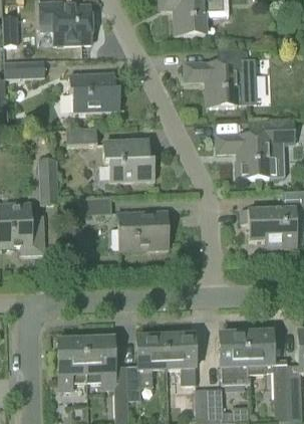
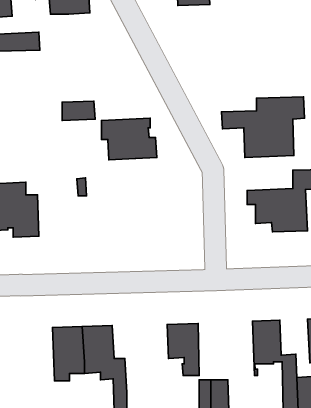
building: [185,49,256,105] -> none
building: [67,72,119,111] -> none
building: [38,159,58,203] -> none
building: [116,210,169,249] -> none
building: [219,333,247,384] -> none
building: [124,336,166,400] -> none

